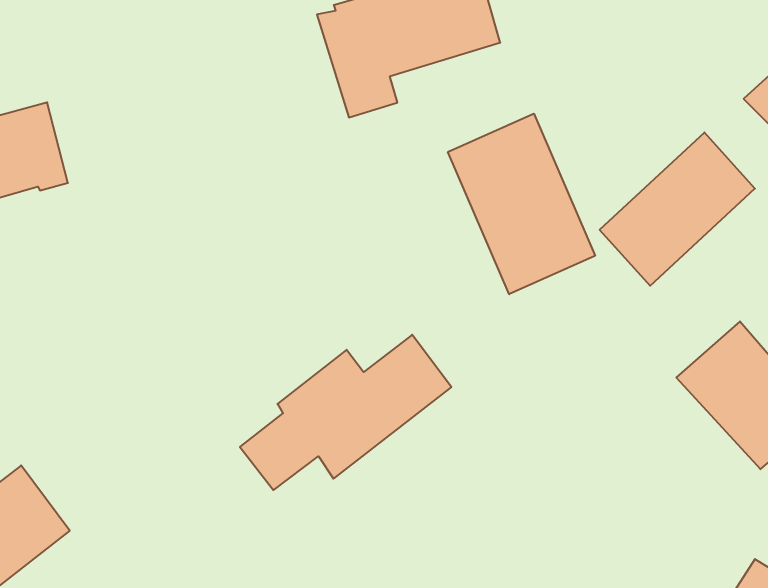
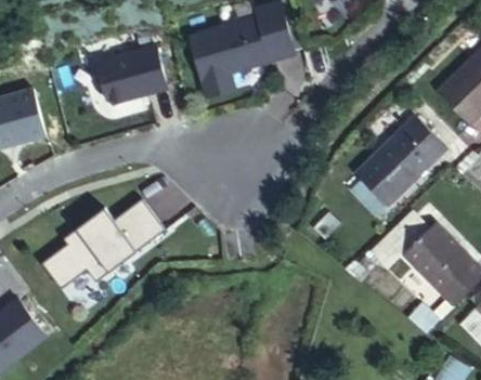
building: none -> [96,48,167,105]
building: [448,114,595,294] -> none
building: [240,335,451,490] -> [42,200,165,290]

